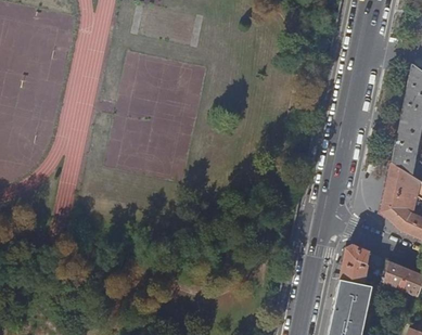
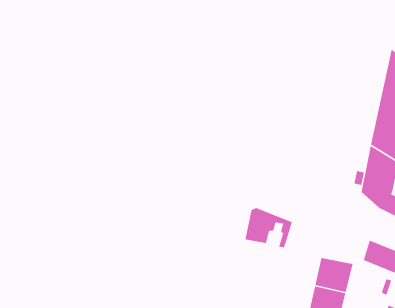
building: [340,246,389,288] -> [245,207,293,248]

